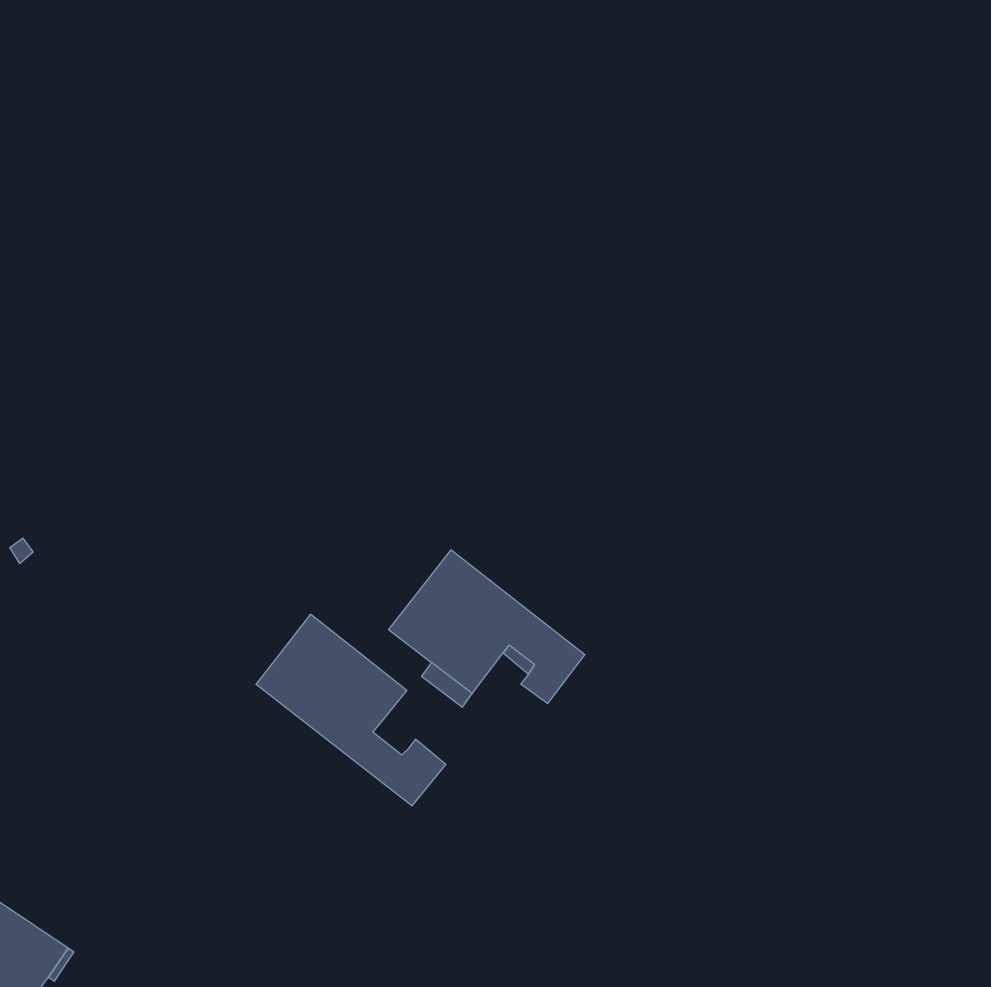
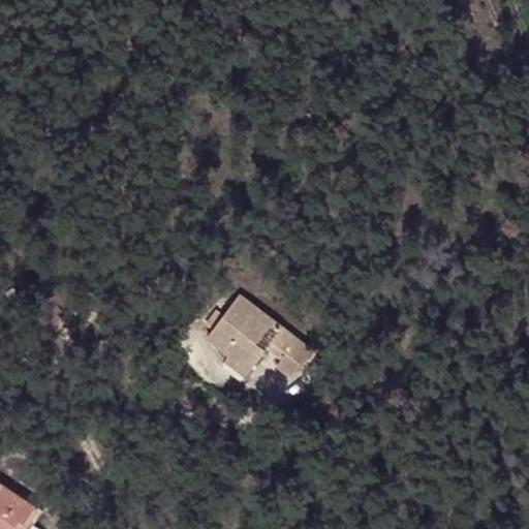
building: [256,614,446,806] -> none

